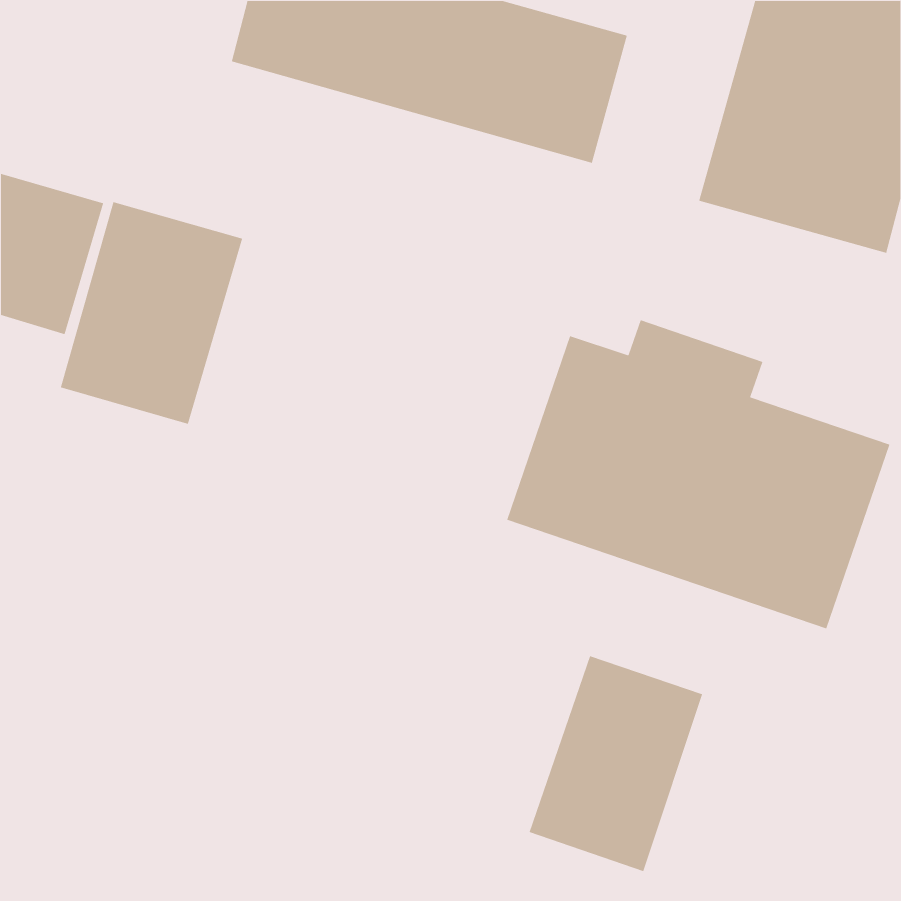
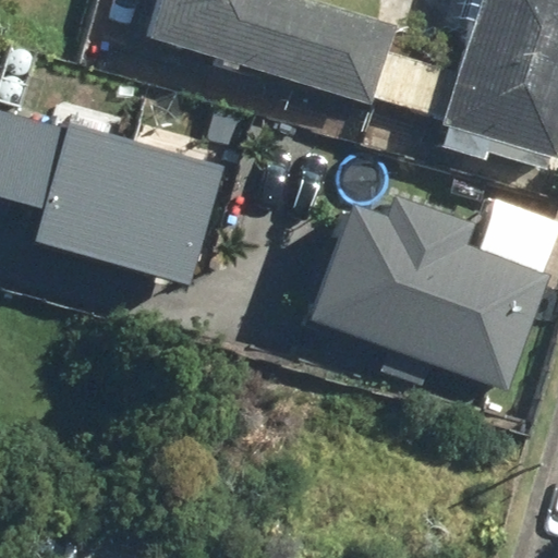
building: none -> [117,147,225,284]
building: [529,655,703,872] -> none

